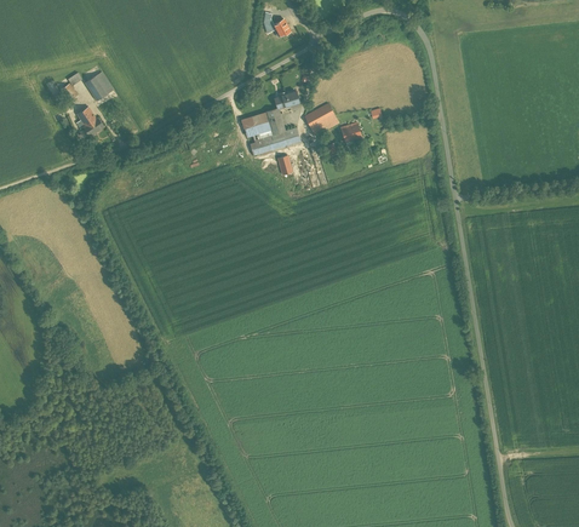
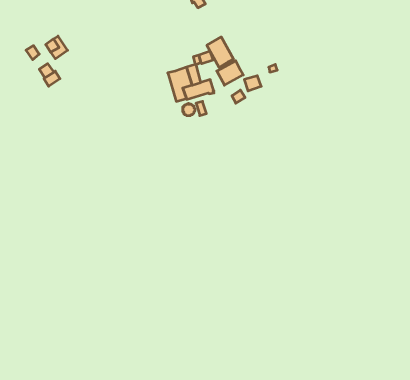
building: none -> [207,37,233,67]

